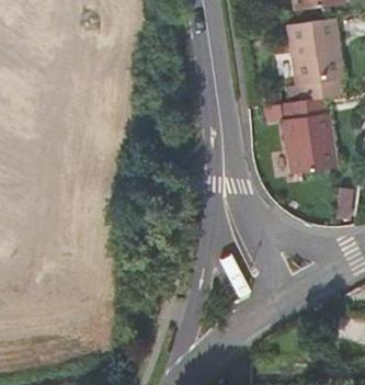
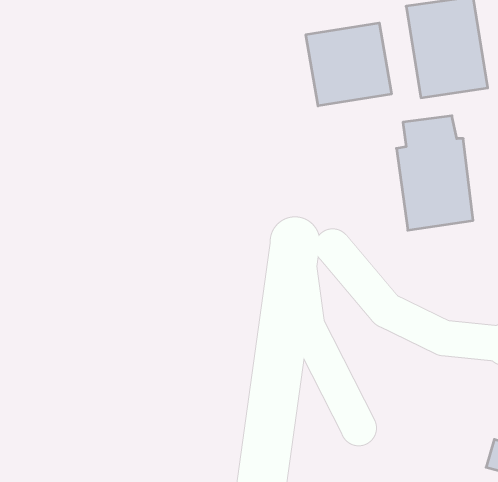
building: none -> [306,23,391,106]

